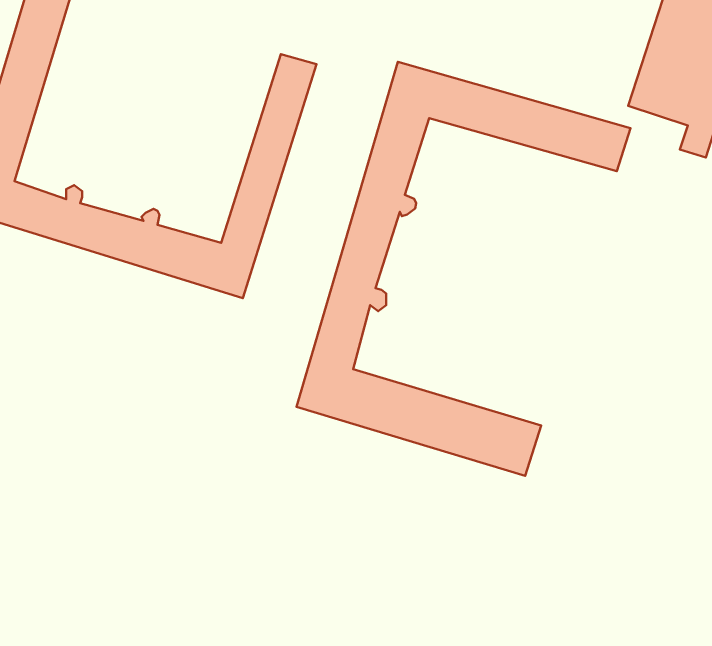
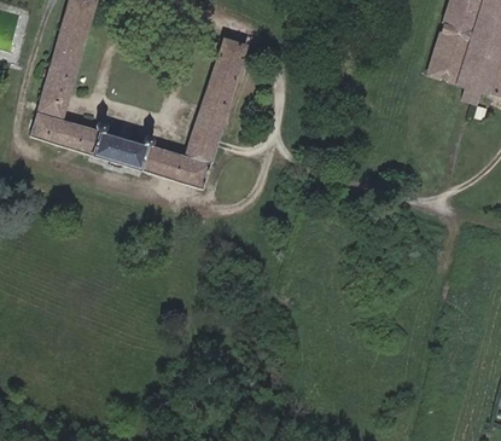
building: [297,62,631,476] -> none

